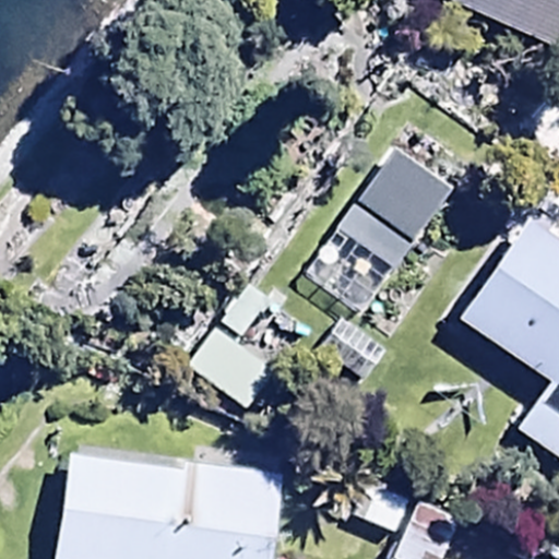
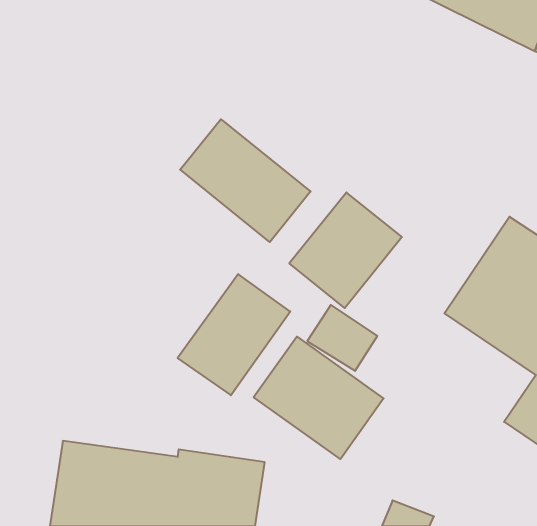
building: none -> [180,119,311,242]
building: none -> [254,337,384,459]

